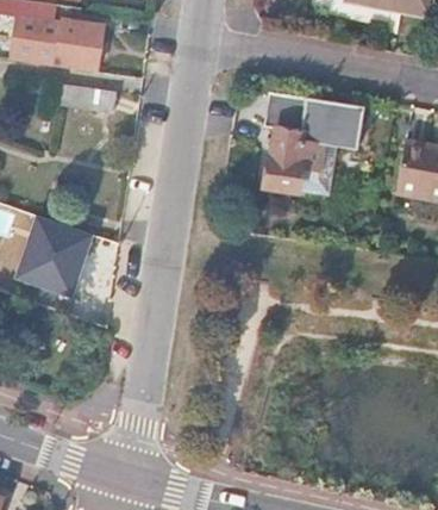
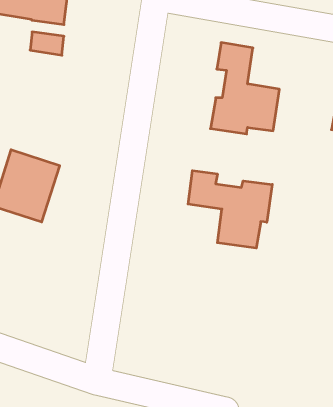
building: [301,100,363,149] -> none
building: none -> [188,171,272,248]

